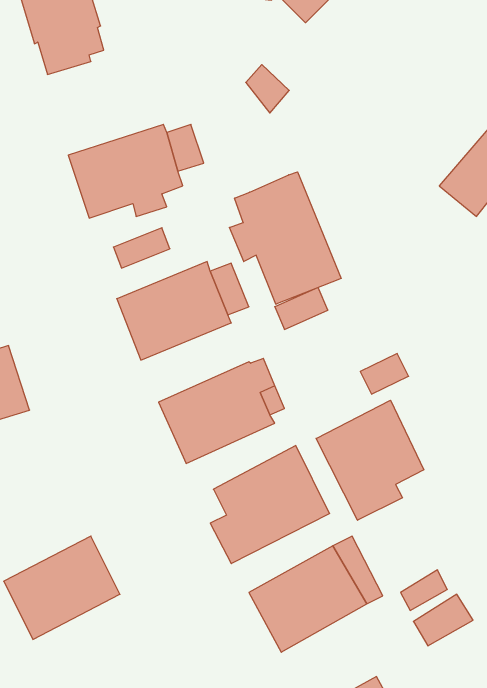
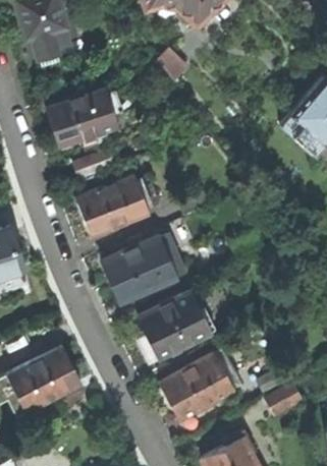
building: [229,172,341,304] -> none
building: [316,400,424,520] -> none

